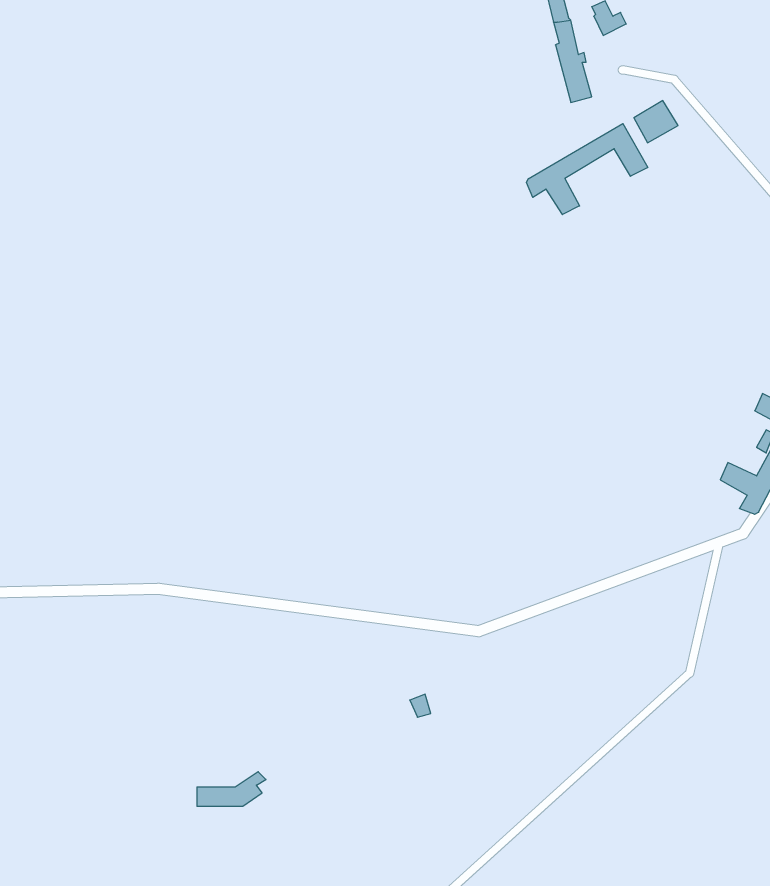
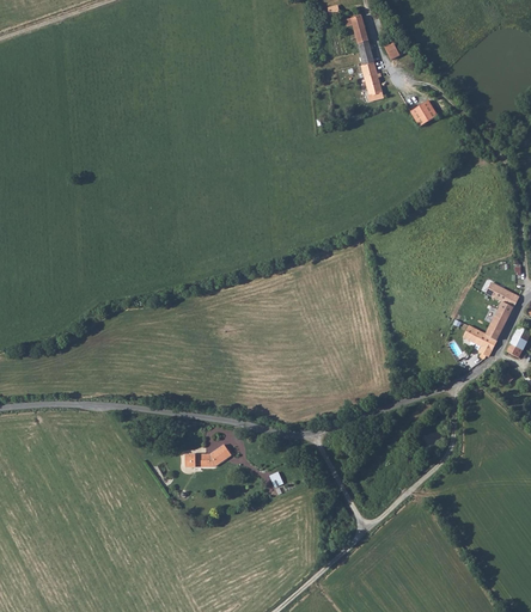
building: [526,124,648,215] -> none
building: [197,772,266,806] -> [182,445,225,466]

